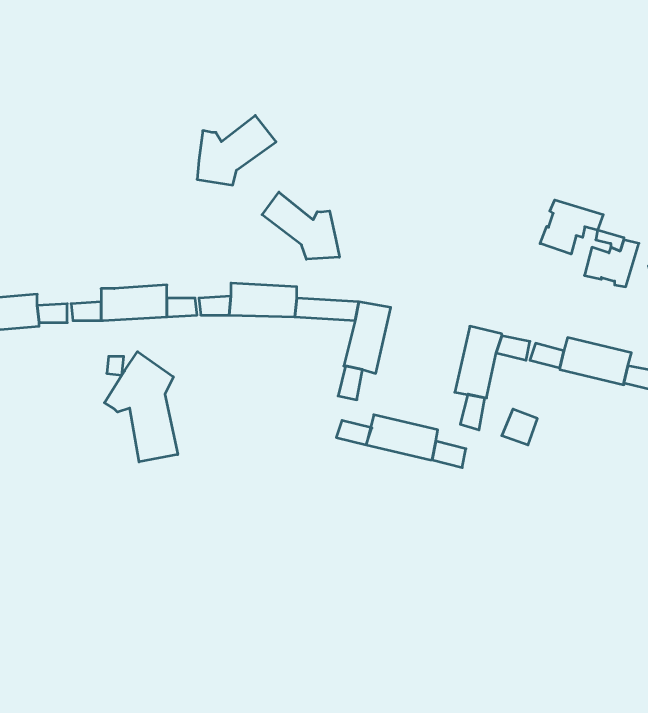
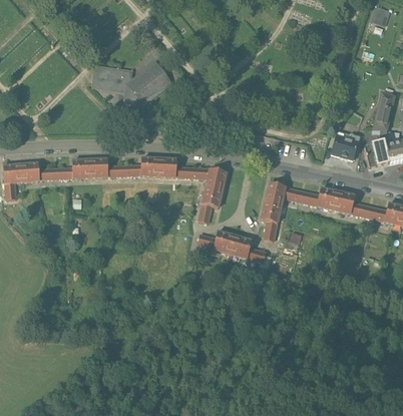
building: none -> [91,67,131,94]
building: [262,192,339,259] -> none
building: [540,200,603,254] -> none
building: [104,352,178,462] -> none

